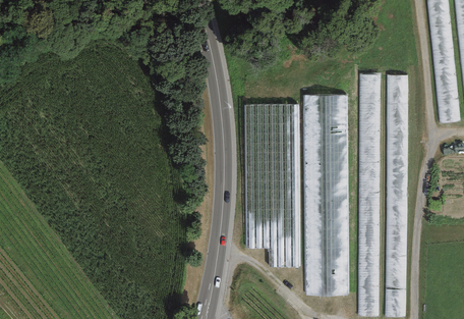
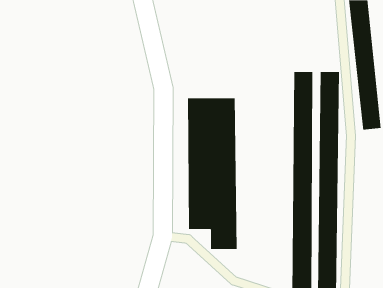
building: [305,99,349,297] -> none

